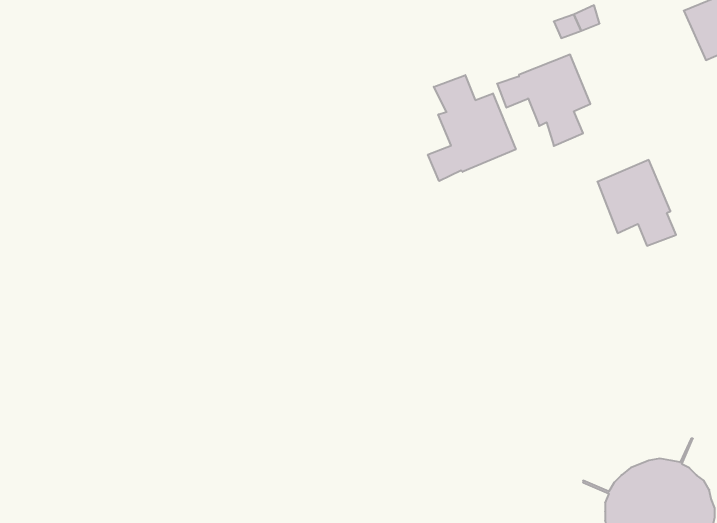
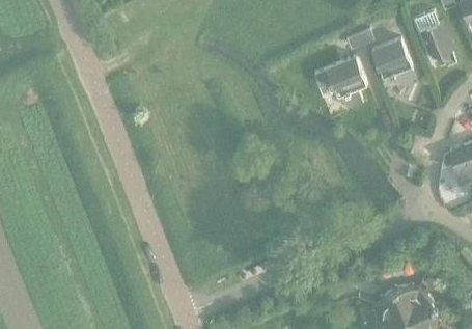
building: [428,75,516,181] -> none
building: [597,160,676,246] -> [370,37,415,86]

